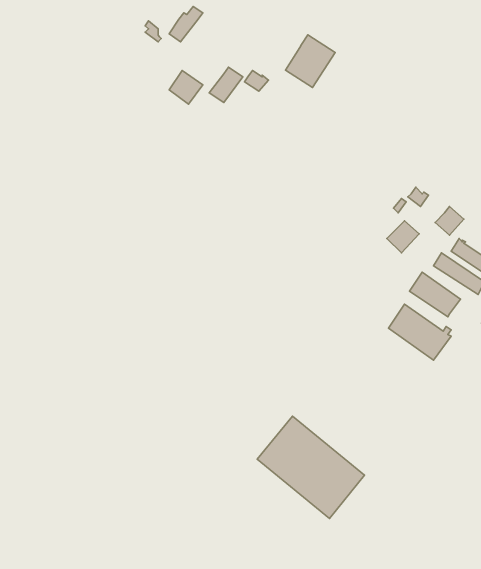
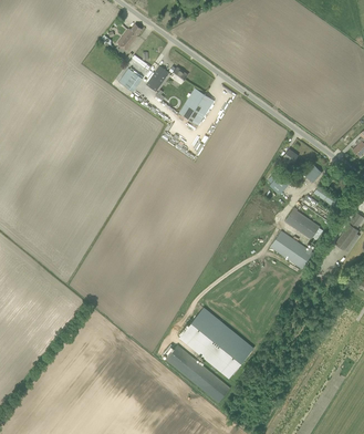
building: [285,35,335,88] -> [179,89,214,125]
building: none -> [164,344,230,402]

